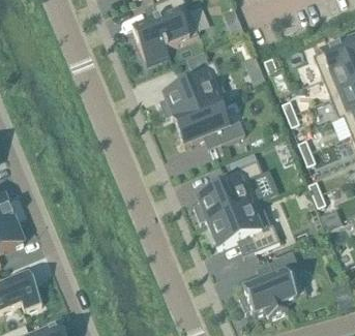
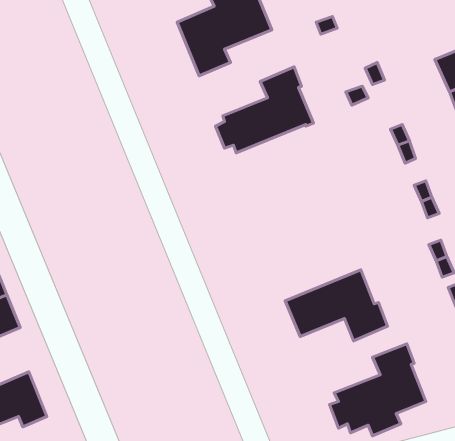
building: [174,97,244,142] -> none
building: [194,157,263,220] -> none

